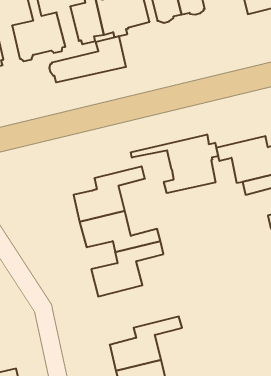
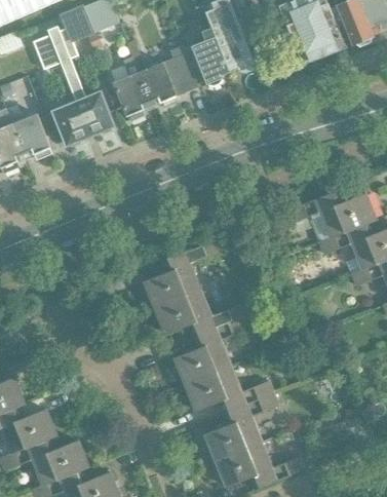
building: [49,36,126,82] -> none
building: [131,134,218,193] -> none
building: none -> [185,366,273,412]

